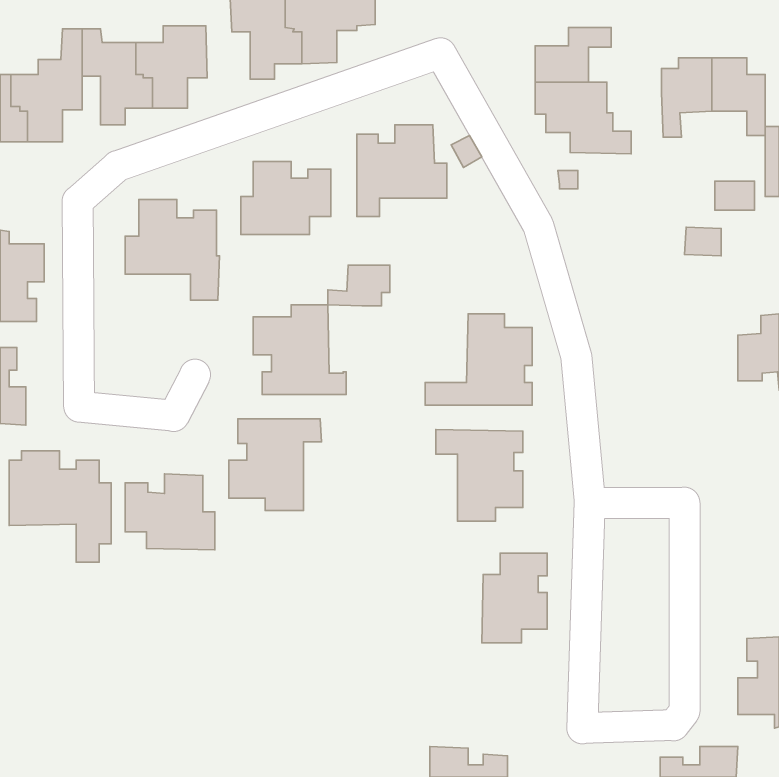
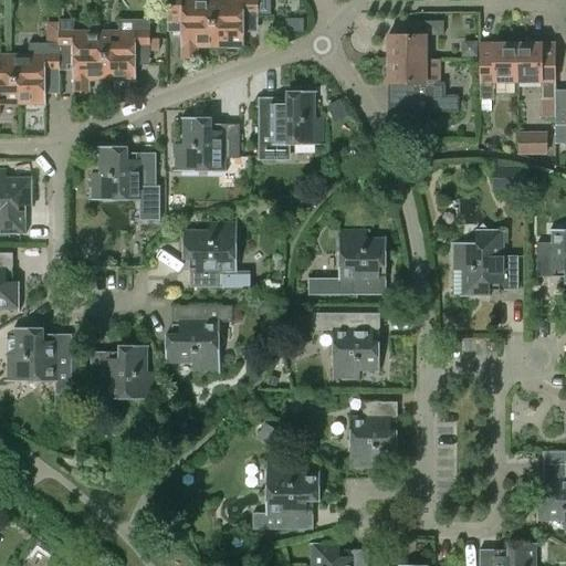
building: [328,265,390,306] -> none
building: none -> [452,223,517,296]
building: none -> [252,463,321,528]

